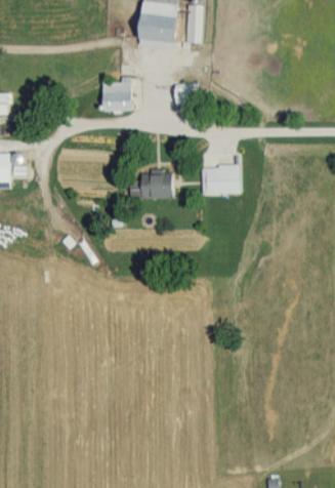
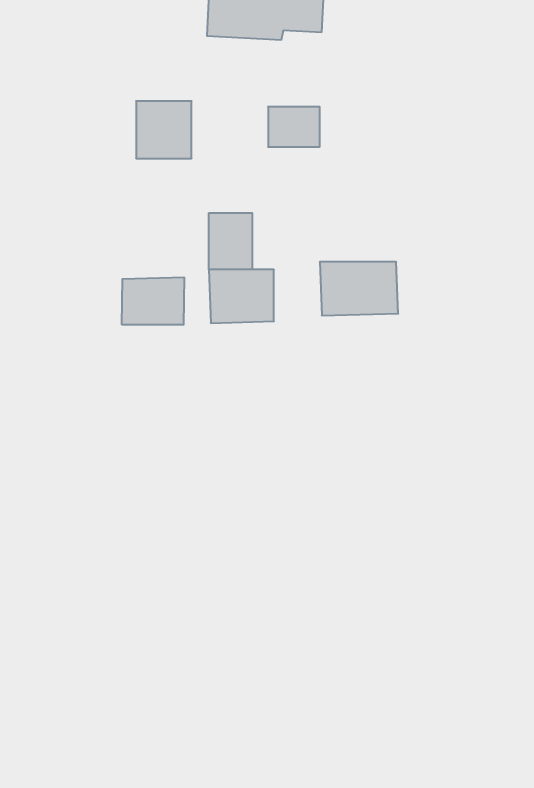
building: none -> [209,213,252,269]
building: none -> [122,277,184,325]

